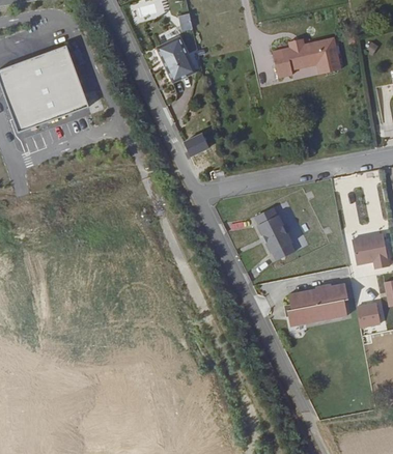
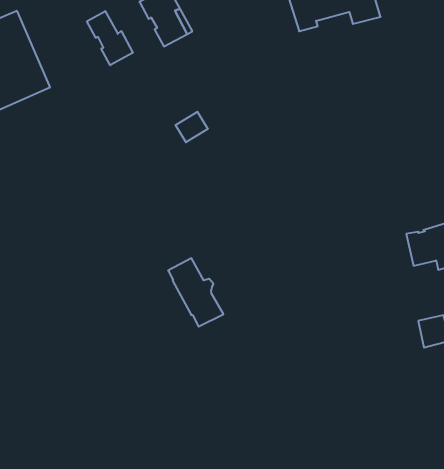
building: none -> [87,11,133,65]
building: [255,207,296,260] -> [168,258,223,327]
building: [287,283,347,325] -> none

